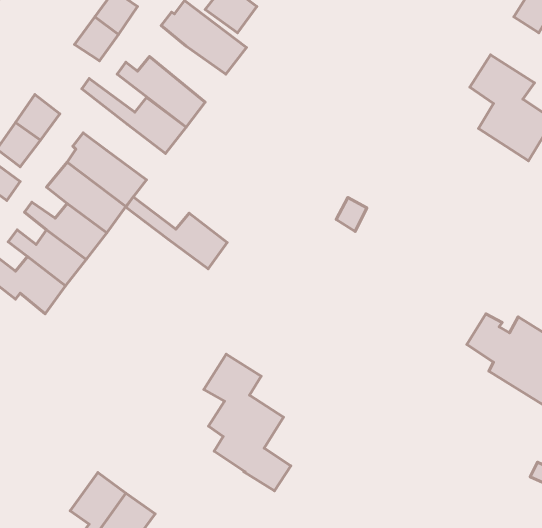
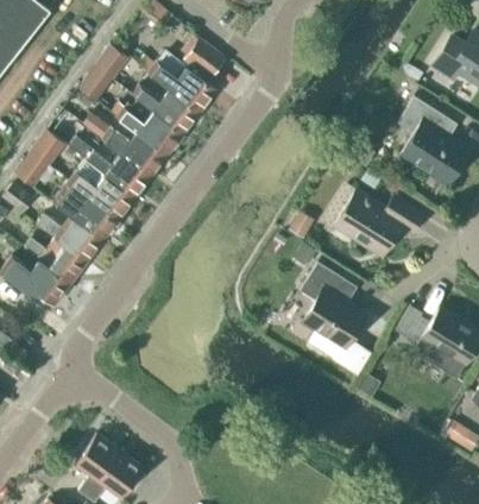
building: none -> [134,86,200,133]
building: none -> [336,190,423,254]
building: [126,197,227,269] -> [69,138,151,196]
building: [204,354,291,491] -> [300,262,370,372]

